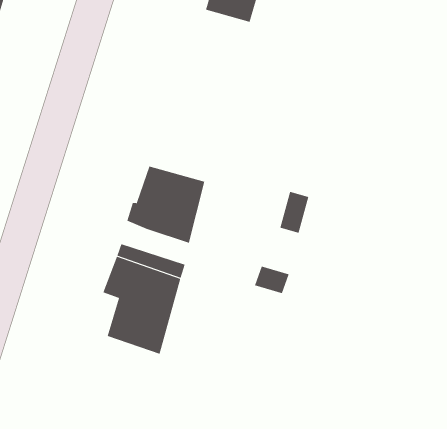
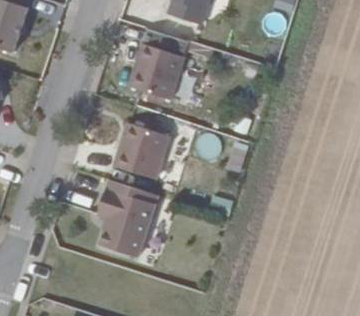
building: none -> [130,45,185,100]

